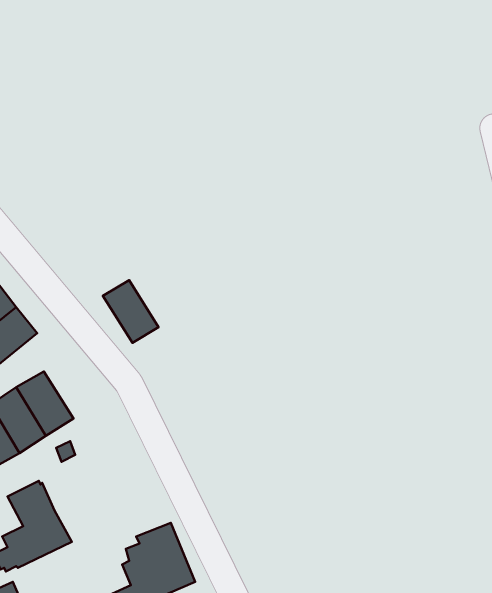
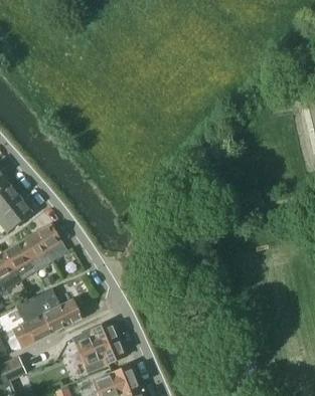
building: [103,280,159,343] -> [37,225,69,261]
building: none -> [36,290,83,333]

